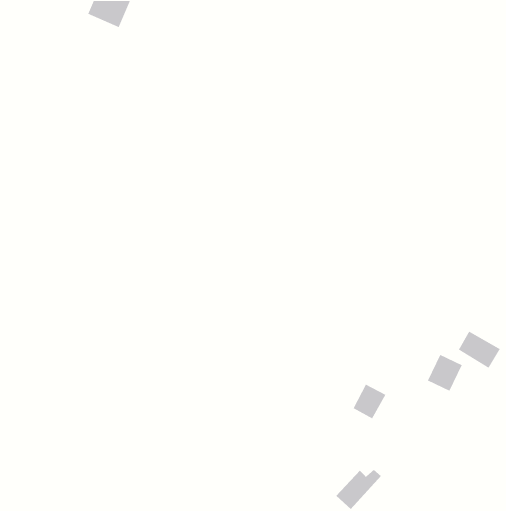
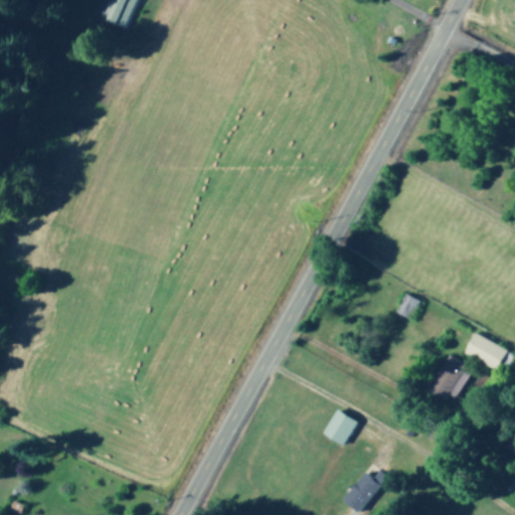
building: none -> [396,294,421,320]
building: [352,384,386,420] -> [324,410,358,447]

